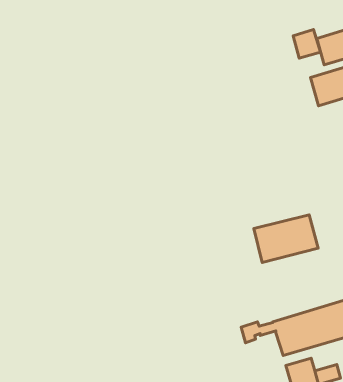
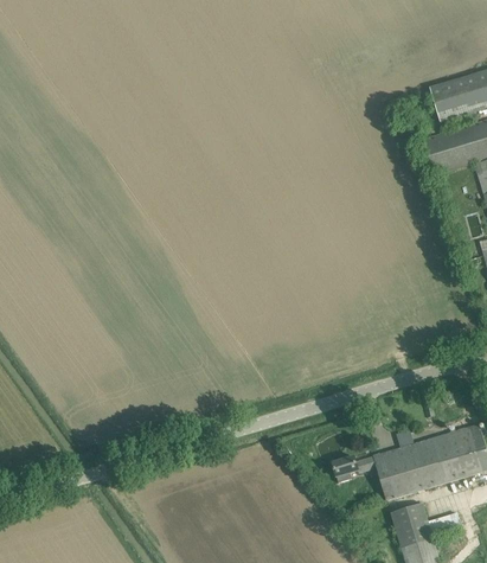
building: [293,29,321,58] -> none
building: [254,215,318,262] -> none

